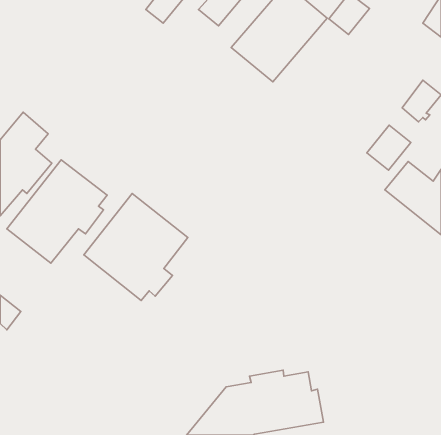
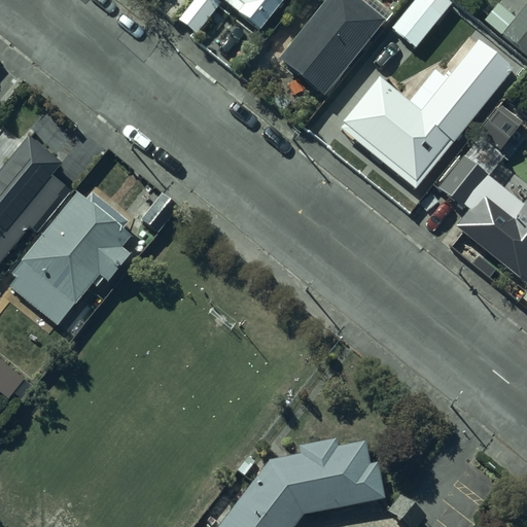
building: none -> [338,35,516,187]
building: [84,193,188,301] -> none

